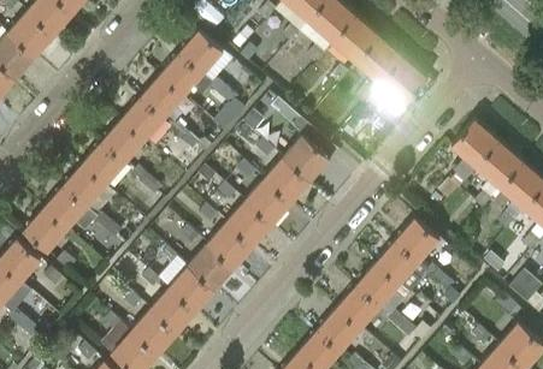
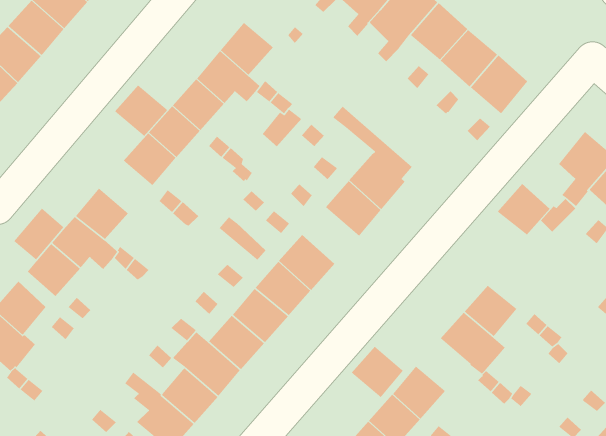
building: [82,143,125,185] -> [114,85,168,137]
building: [246,180,291,226] -> none
building: none -> [13,208,65,260]
building: [395,220,438,262] -> [497,183,551,236]
building: [337,286,380,328] -> [351,346,405,398]

